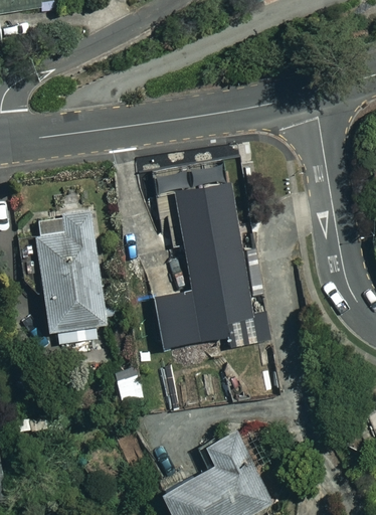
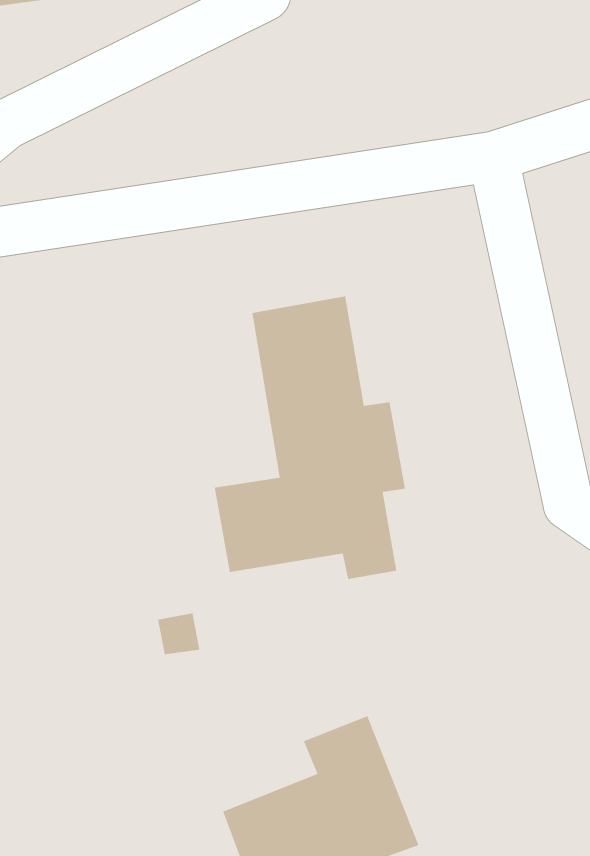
building: [34,210,106,345] -> none

